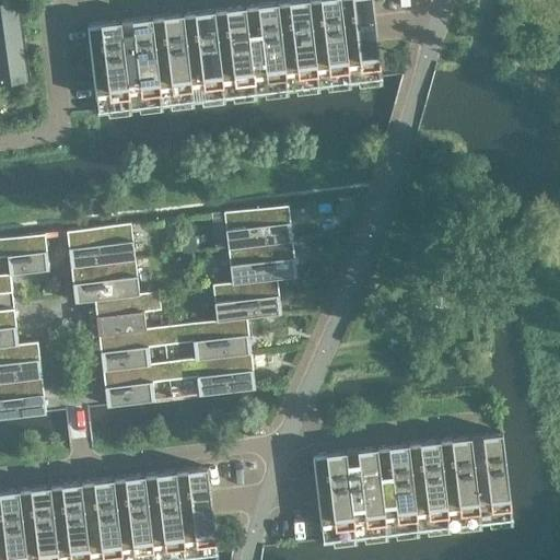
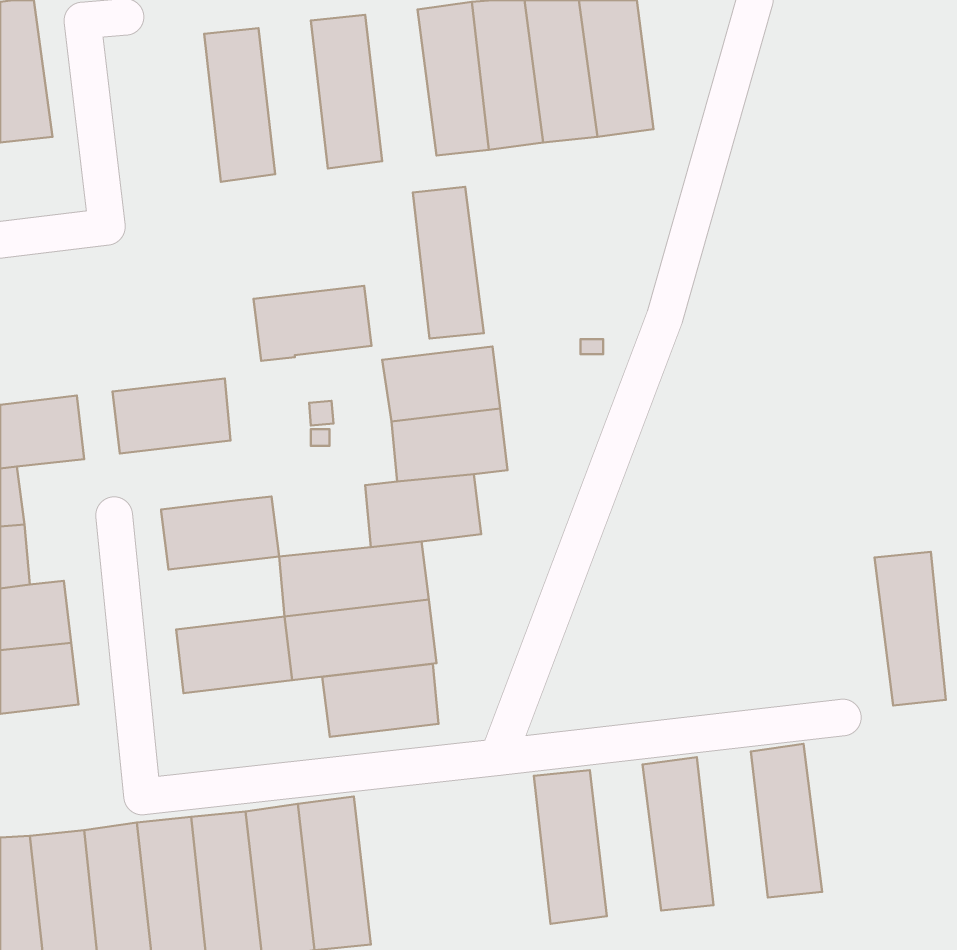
building: [213,10,255,98] -> [413,187,484,339]
building: [151,16,191,106] -> none
building: [86,24,129,114] -> none
building: [70,261,139,305] -> [254,286,372,361]
building: [98,329,166,372] -> [322,664,438,737]
building: [469,435,511,525] -> [875,552,946,706]
building: [407,443,448,533] -> none
building: [345,451,386,539] -> none

